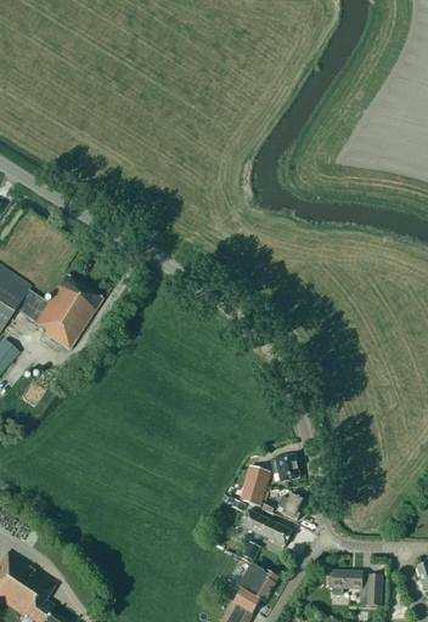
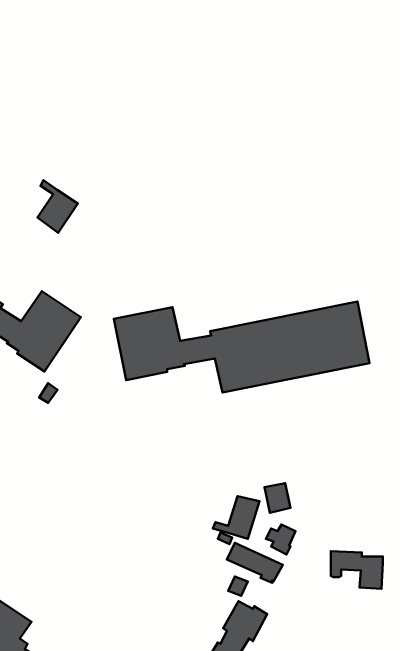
building: none -> [38,180,78,233]
building: none -> [114,302,370,392]
building: [333,570,382,605] -> [331,551,383,589]

